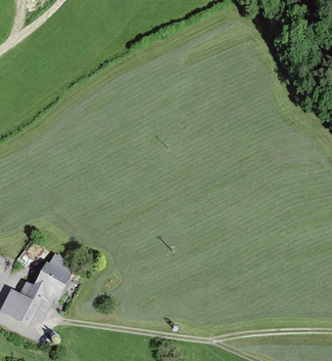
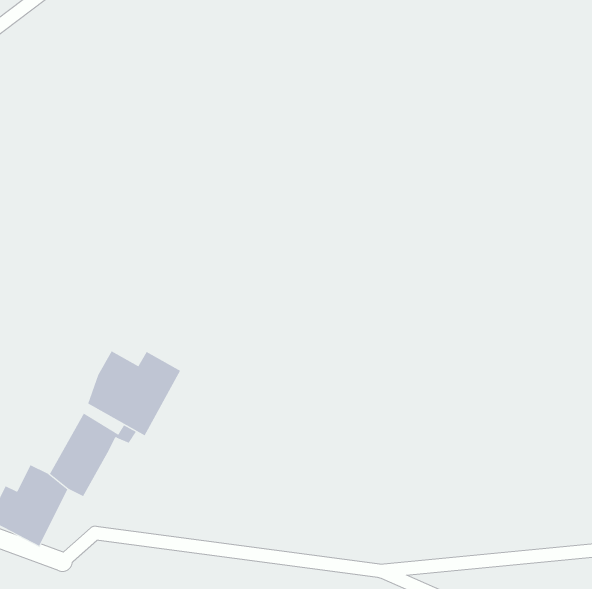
building: none -> [87,350,181,436]

